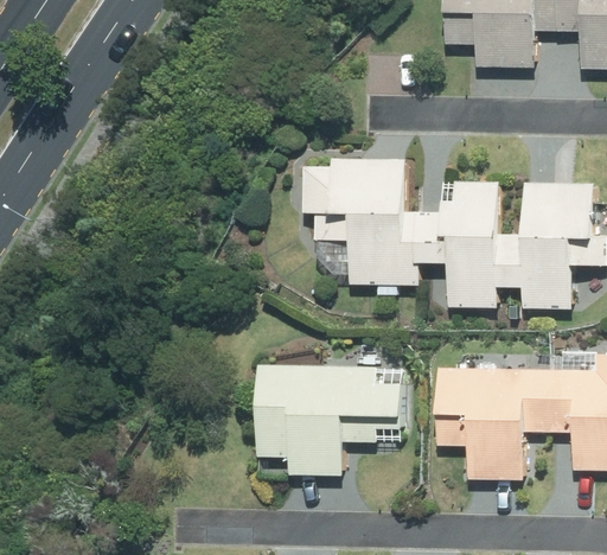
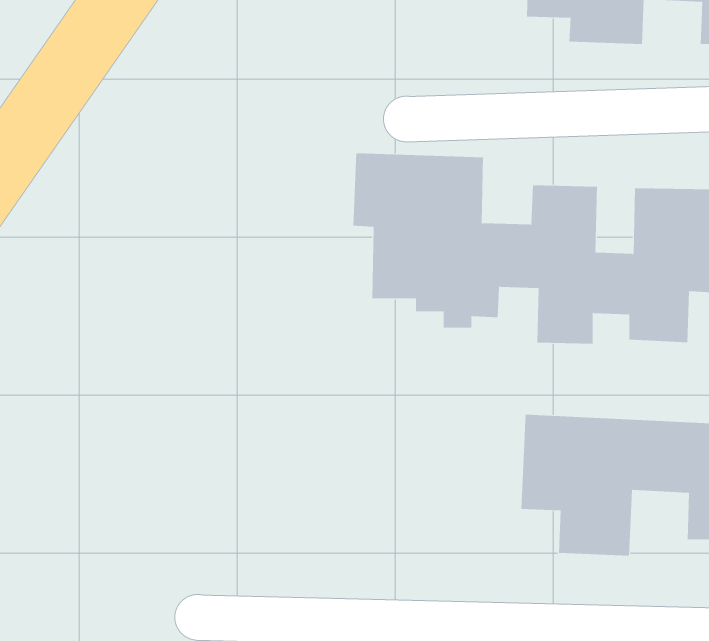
building: [251,362,401,479] -> none

